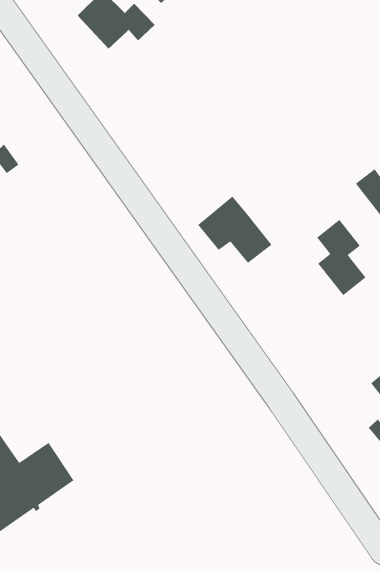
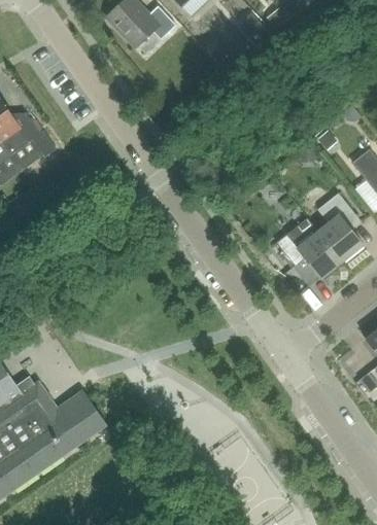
building: [197,196,272,264] -> [276,221,342,281]

